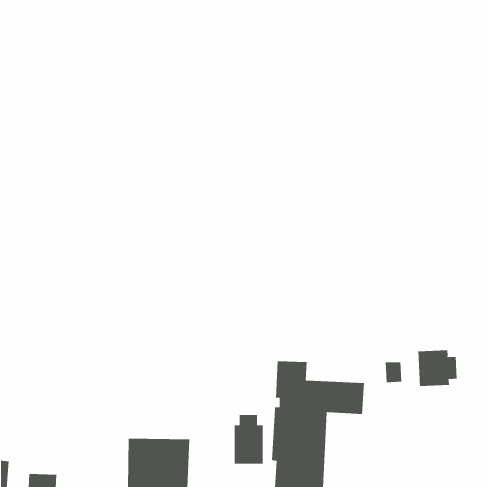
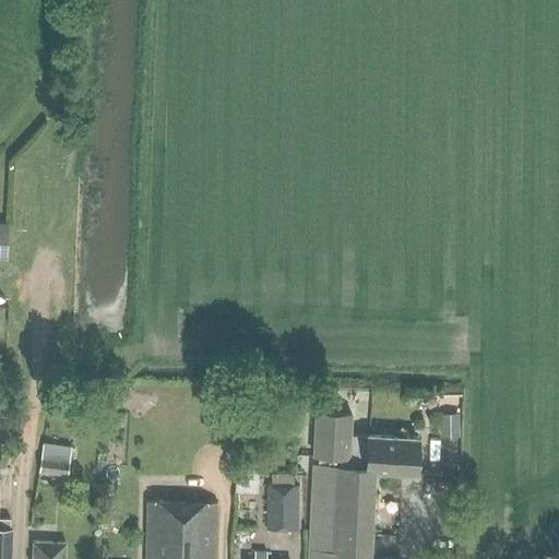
building: [418,350,457,387] -> none
building: none -> [40,444,72,477]

